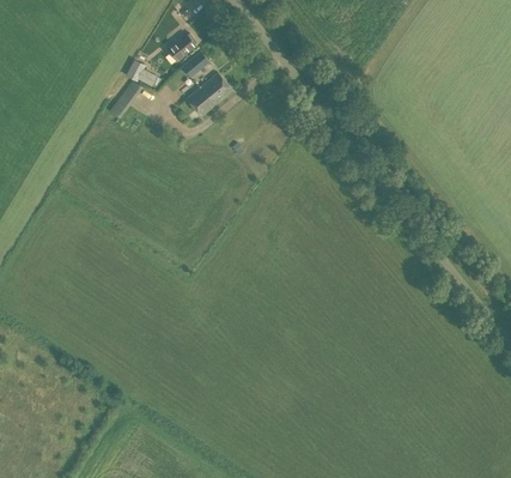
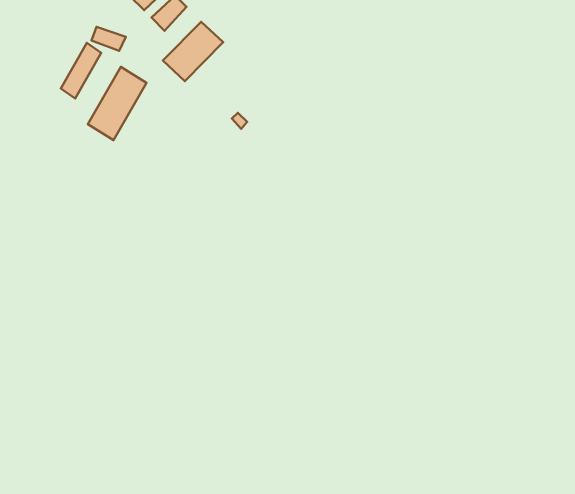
building: none -> [88,67,146,140]

